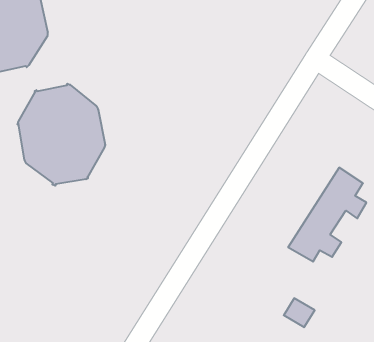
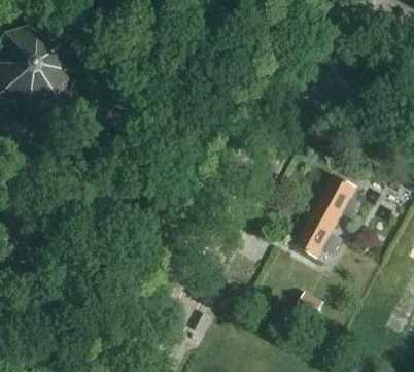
building: [18,84,105,186] -> none

